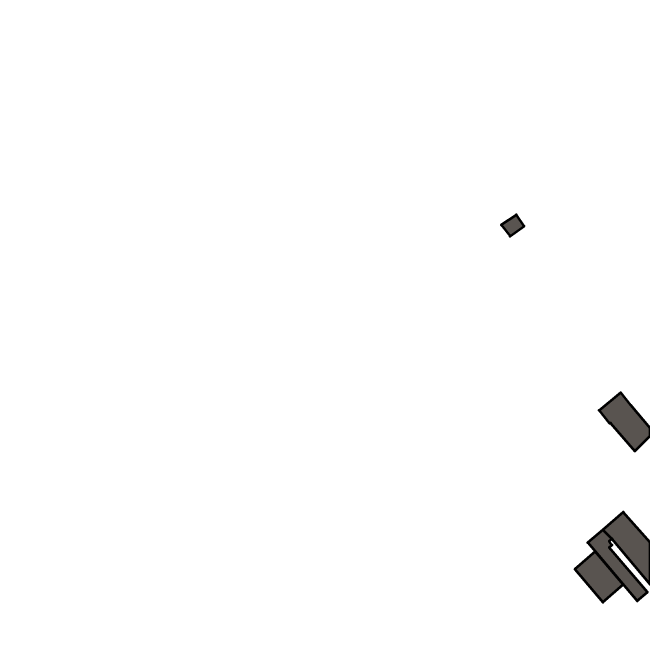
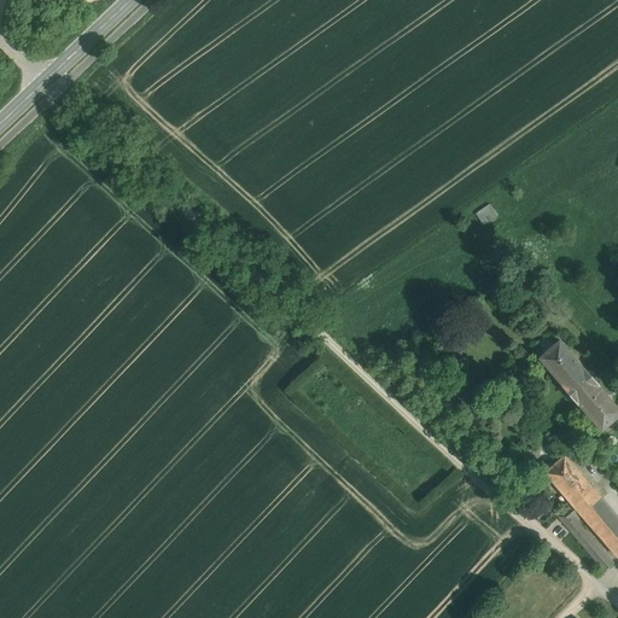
building: none -> [541,342,589,391]
building: [575,551,623,602] -> [546,456,591,505]

